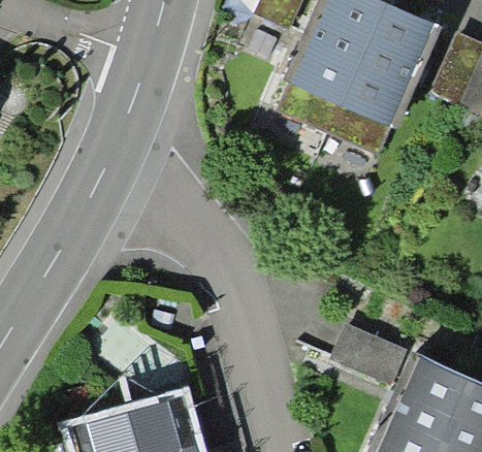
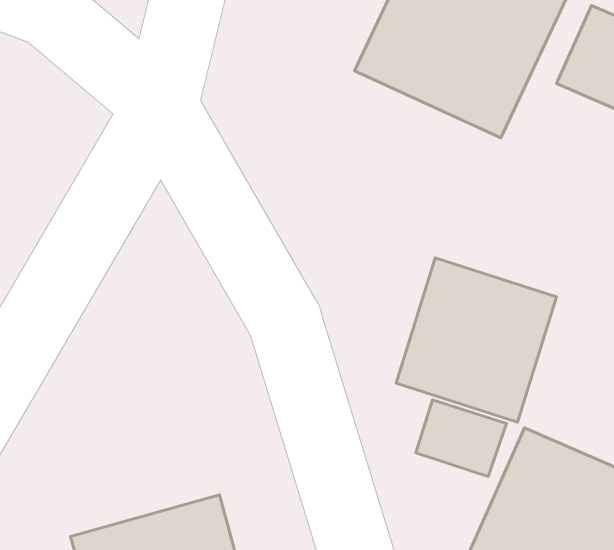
building: none -> [396,258,556,422]

